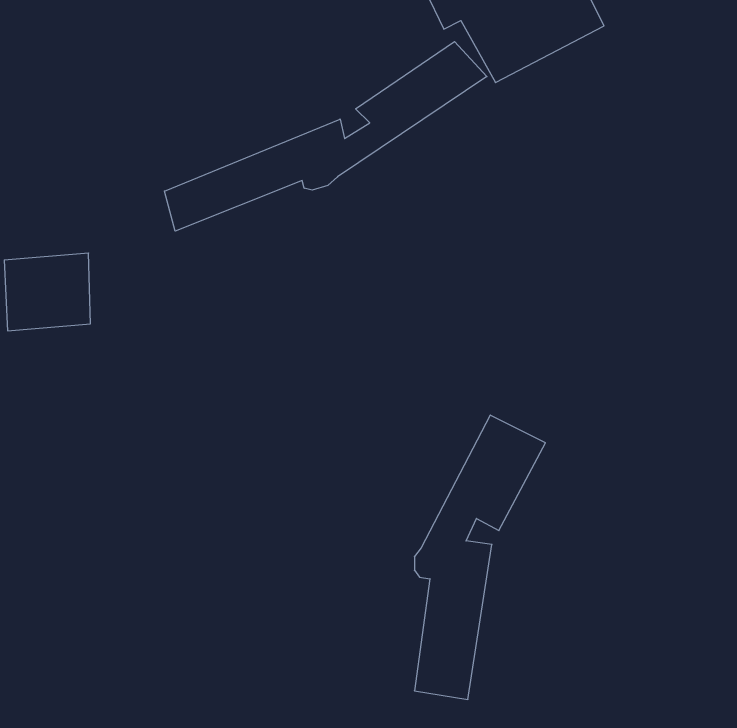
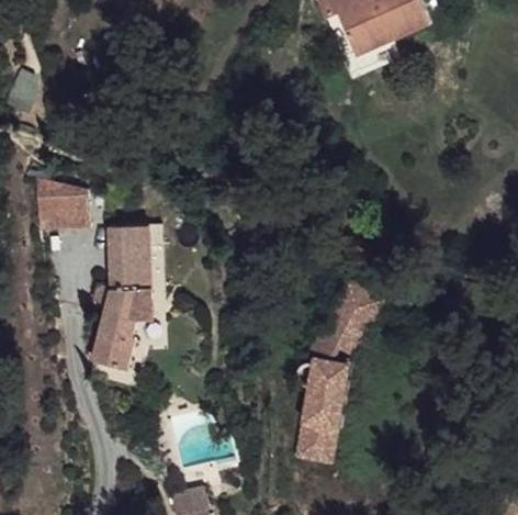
building: [164,42,487,231] -> none
building: none -> [90,220,161,369]

